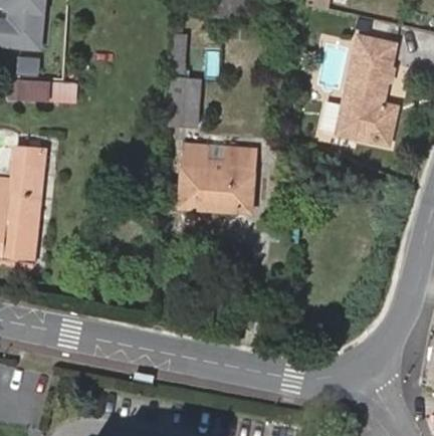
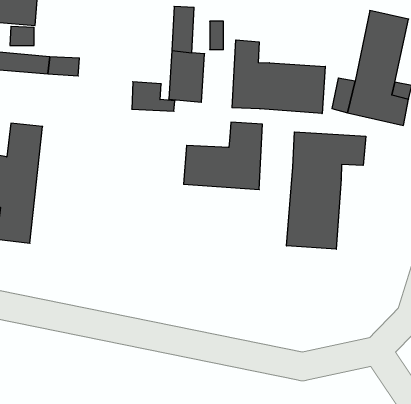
building: none -> [232,40,325,114]
building: [183,142,224,170] -> [132,82,175,111]
building: none -> [287,132,366,249]

